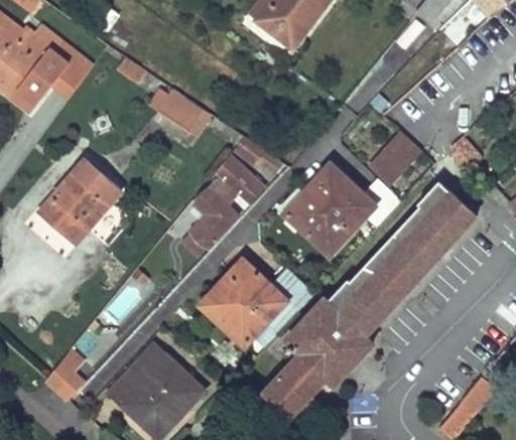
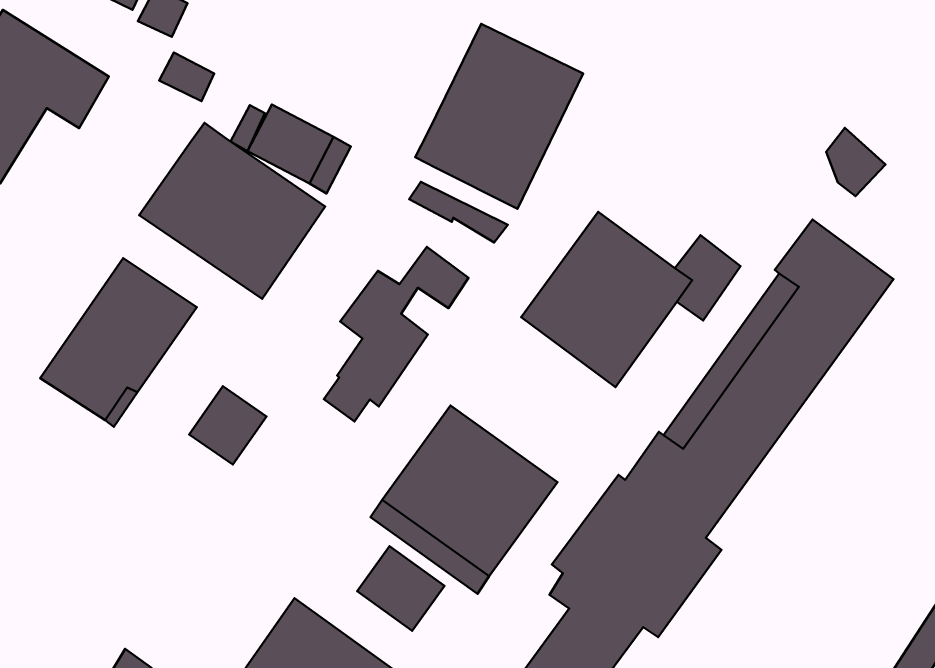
building: none -> [415,24,583,209]
building: none -> [139,123,325,299]
building: [370,135,416,183] -> none
building: none -> [189,386,267,465]
building: none -> [357,546,444,631]

